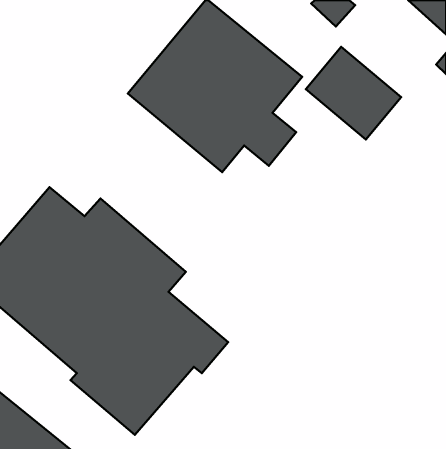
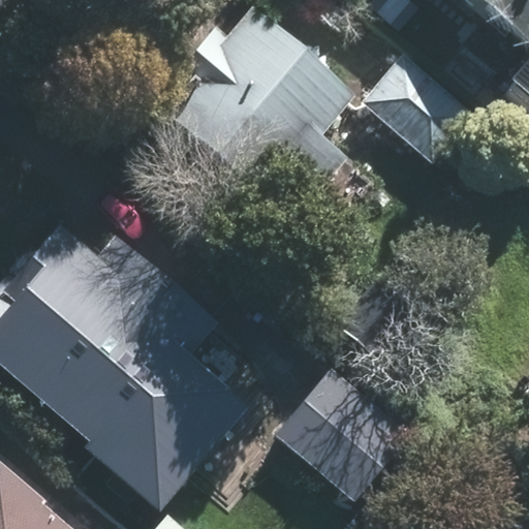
building: none -> [272,366,410,502]

